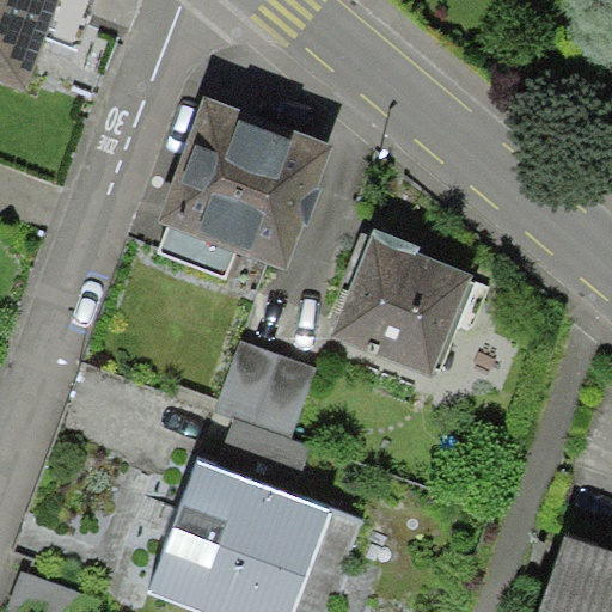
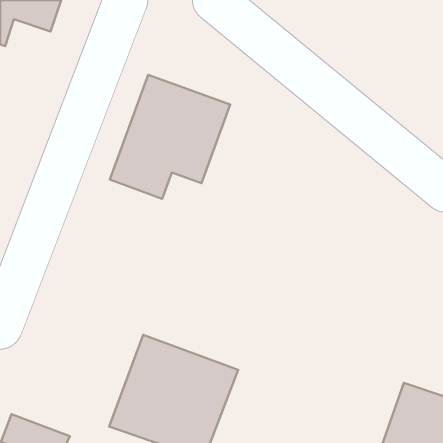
building: [337,244,475,368] -> none
building: [219,342,314,435] -> none

